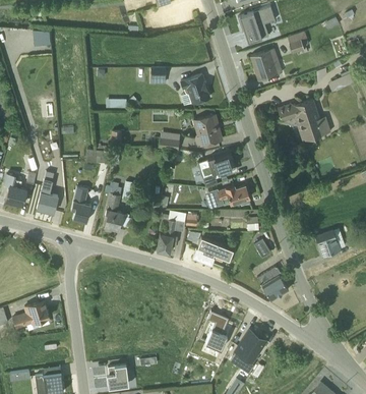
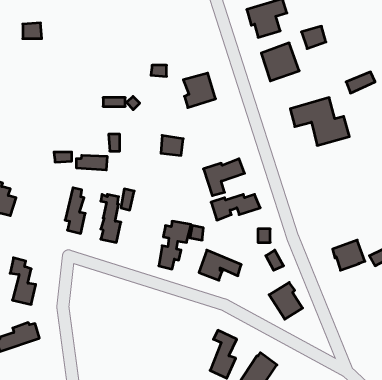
building: [193,115,220,147] -> none
building: [35,171,58,214] -> [10,258,36,304]

